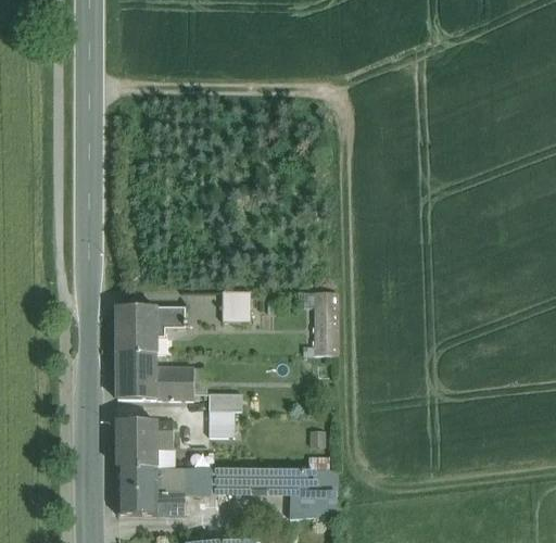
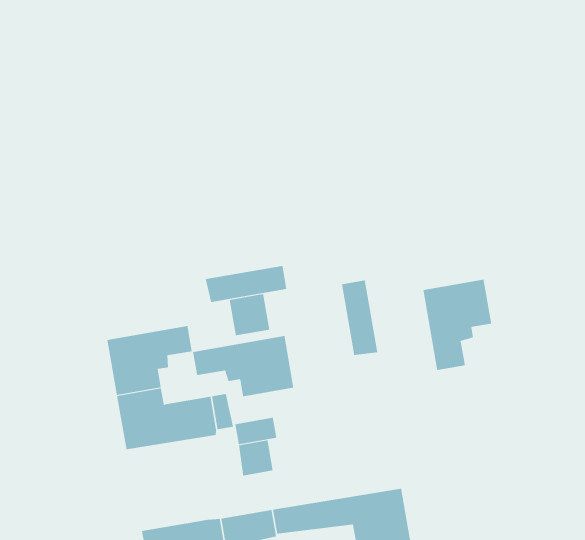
building: none -> [205,265,287,303]
building: none -> [423,279,492,371]
building: none -> [193,335,294,397]
building: [115,420,172,467] -> none

